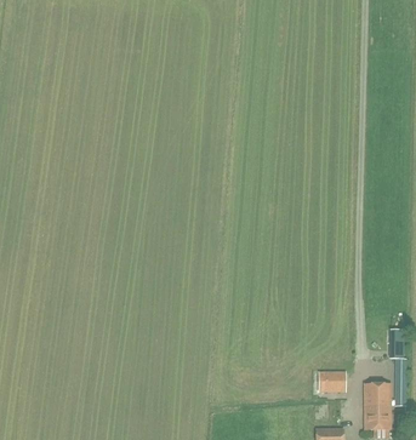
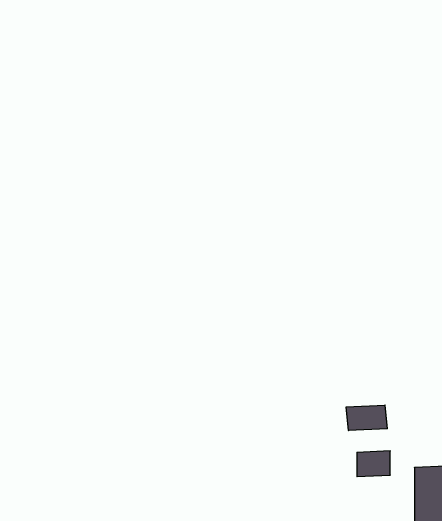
building: none -> [346,405,387,431]

